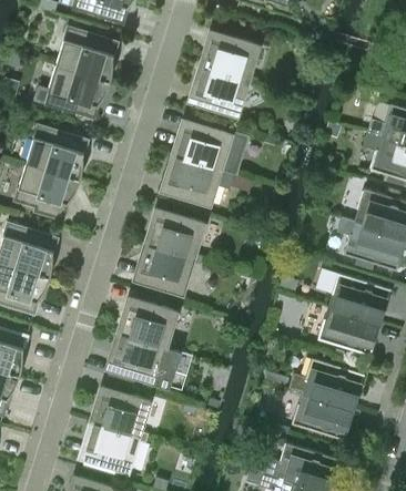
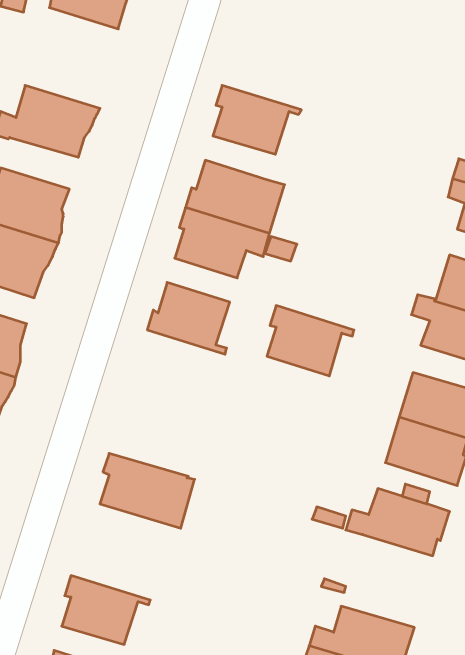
building: [55,28,118,82] -> none
building: [199,31,258,83] -> none
building: [138,243,201,294] -> [267,306,354,376]
building: [116,298,177,349] -> none
building: [89,387,150,439] -> none
building: [291,391,352,440] -> none

